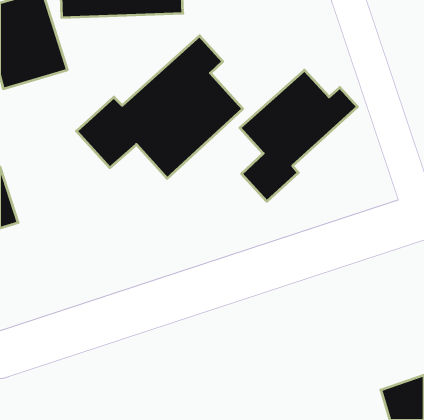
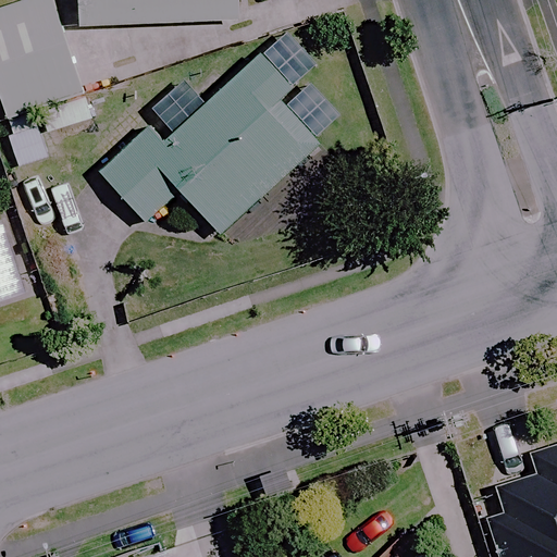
building: [240,70,357,201] -> none

